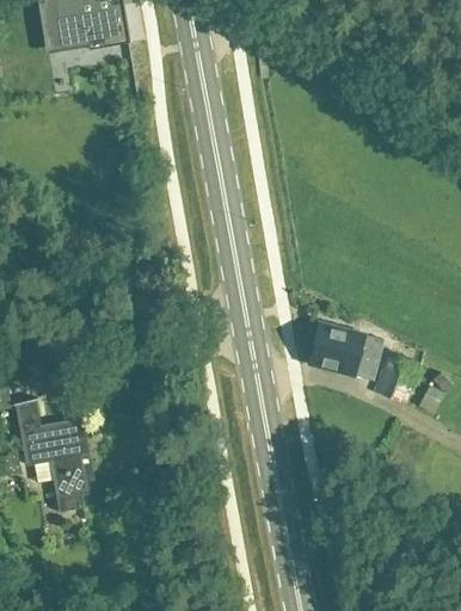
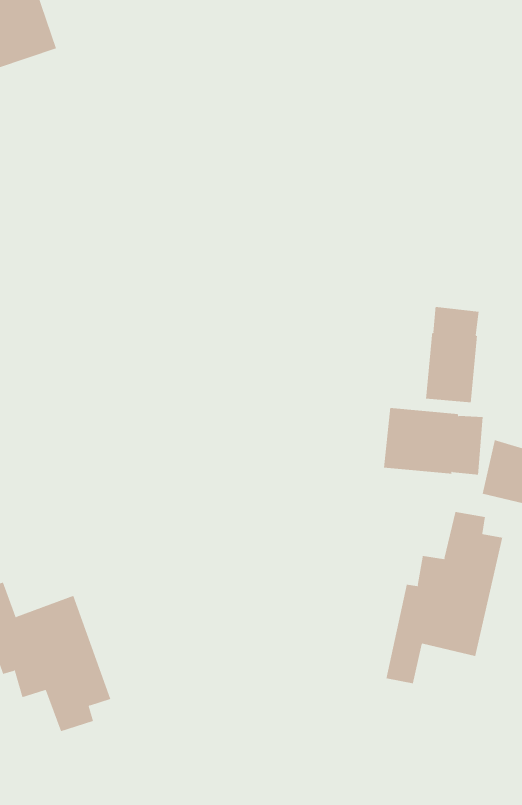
building: none -> [425,306,479,403]
building: none -> [386,511,503,684]

